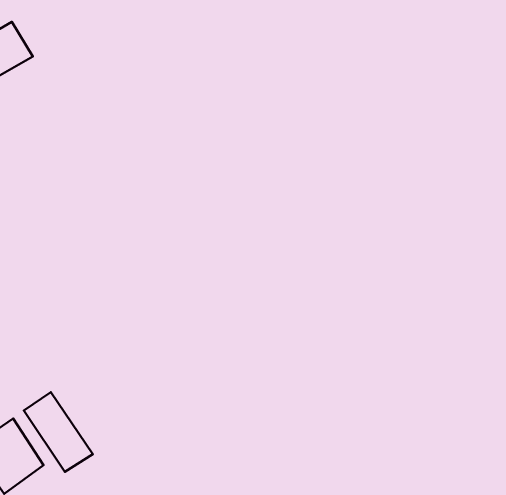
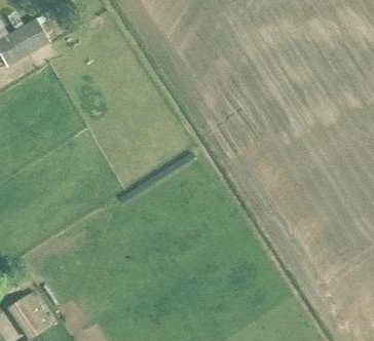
building: [24,392,93,472] -> none

